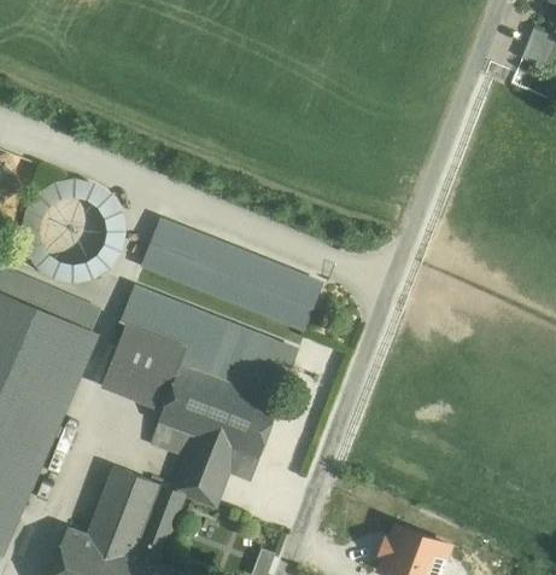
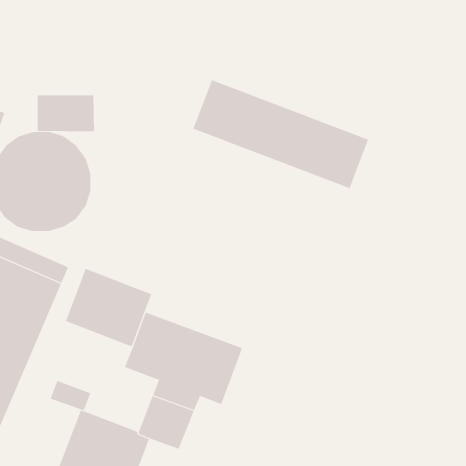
building: none -> [37,94,95,132]
building: [141,219,322,331] -> [193,79,369,189]
building: [118,285,298,402] -> none
building: [151,423,193,454] -> [50,380,91,411]

